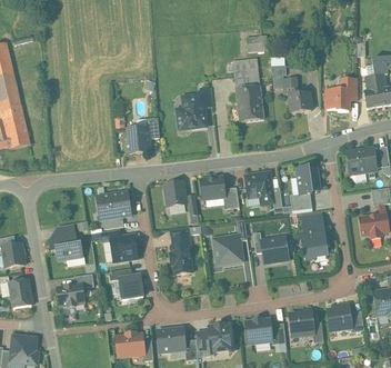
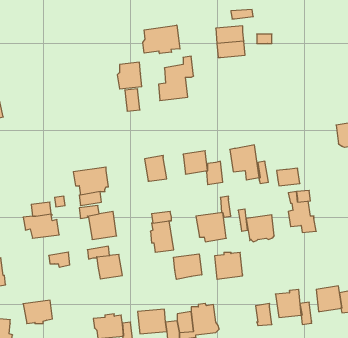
building: none -> [143,25,180,54]
building: [285,79,311,112] -> none
building: [327,80,349,111] -> none
building: [235,86,264,122] -> none
building: [126,128,149,153] -> [117,62,142,89]
building: [297,167,320,195] -> none
building: none -> [174,254,202,279]
building: [57,285,84,307] -> [23,300,52,324]
building: [245,318,272,344] -> [215,252,243,279]

